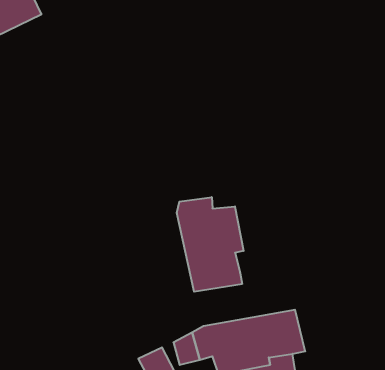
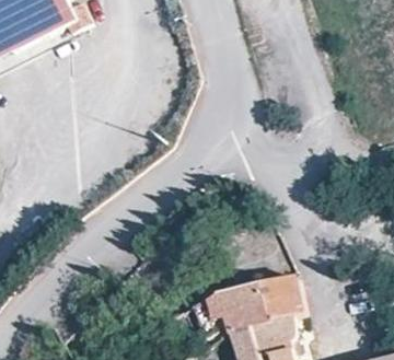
building: [177,197,244,292] -> none

